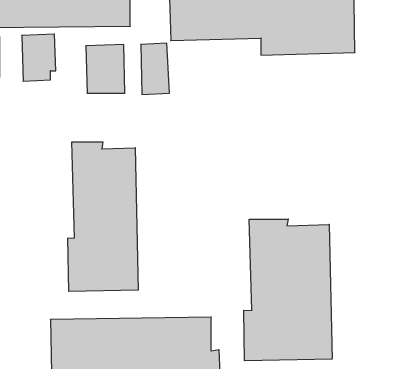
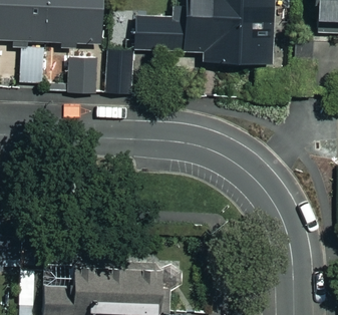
building: [68,142,138,291] -> none
building: [244,219,332,361] -> none

